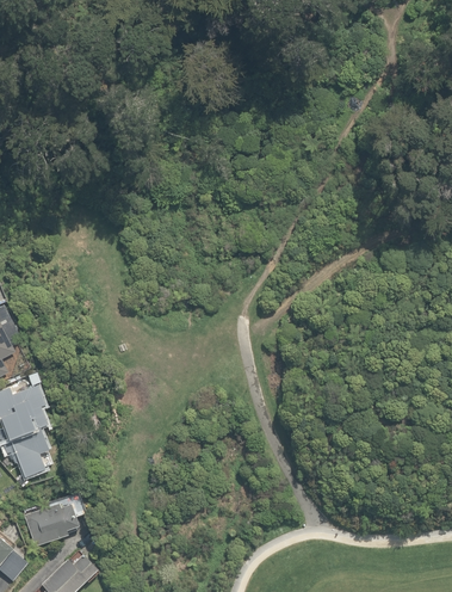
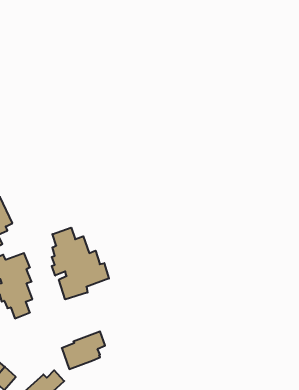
building: none -> [52,228,109,299]
building: [21,492,83,545] -> [62,331,105,369]

